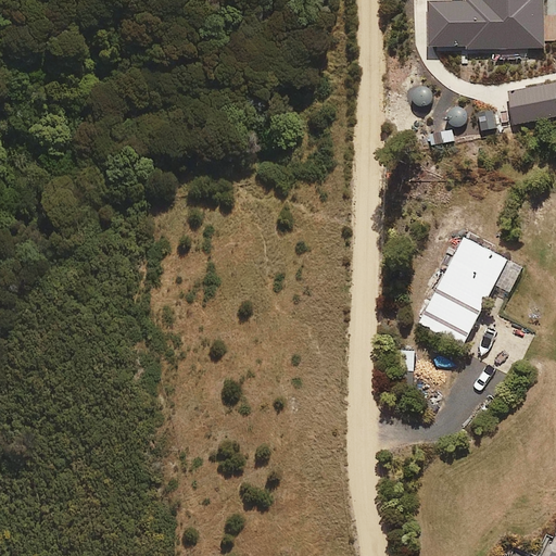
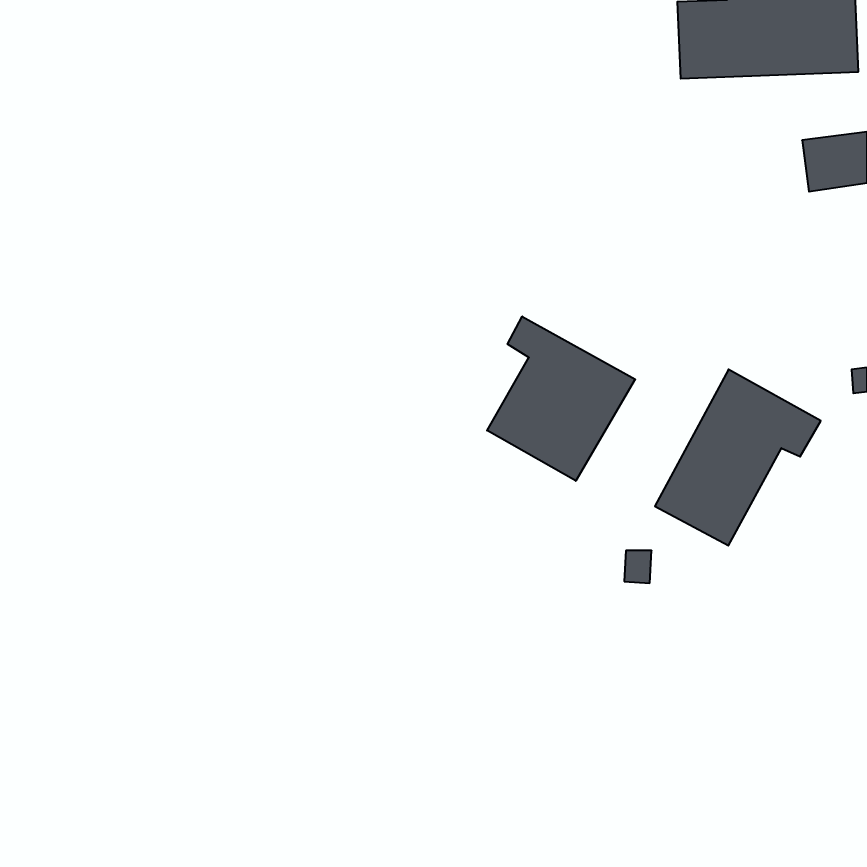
building: none -> [487,316,635,481]

